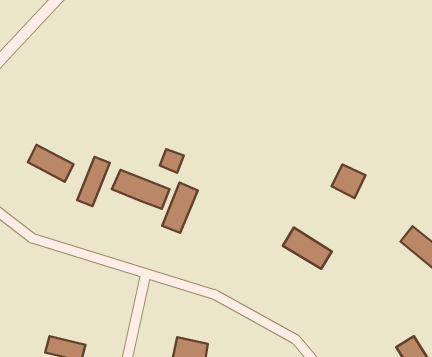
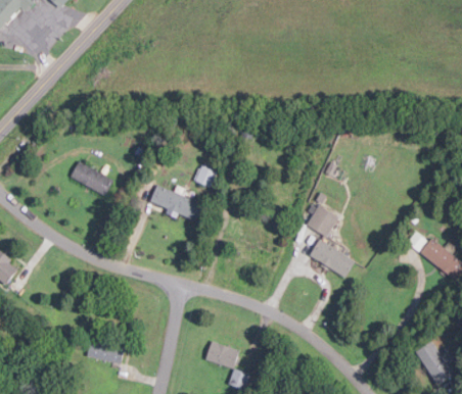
building: [77,157,110,206] -> none
building: [332,164,365,198] -> [307,205,338,237]
building: [162,182,198,233] -> none

